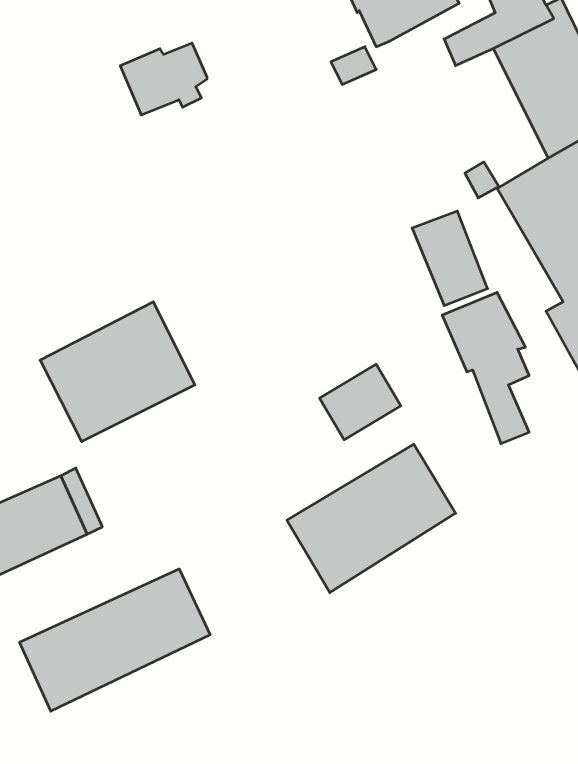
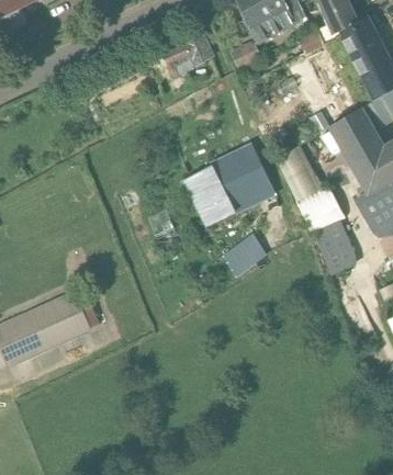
building: [120,43,207,115] -> [161,35,212,77]
building: [40,302,195,442] -> [184,146,274,227]
building: [287,444,456,593] -> none
building: [20,569,210,711] -> none

